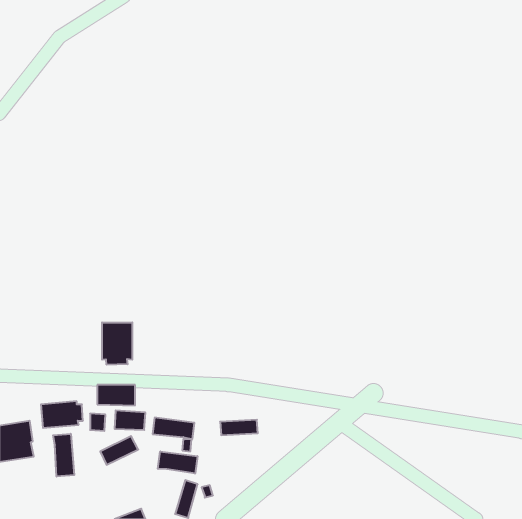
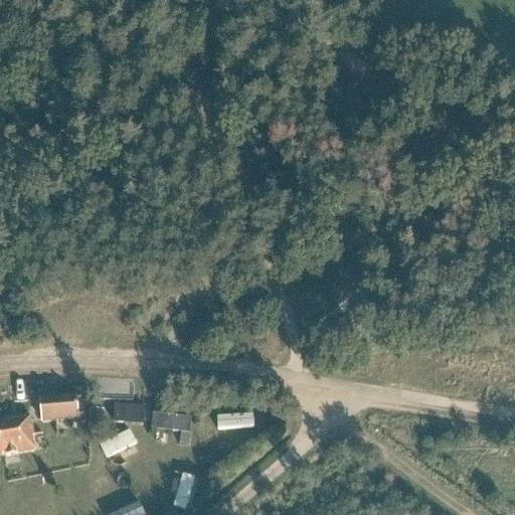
building: [102,322,132,365] -> none
building: [53,434,74,477] -> none
building: [158,451,197,474] -> none

